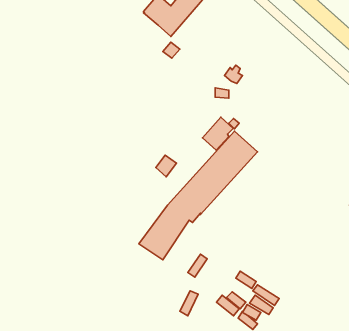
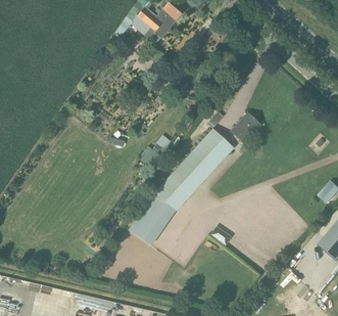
building: [203,117,233,150] -> [231,114,258,143]

